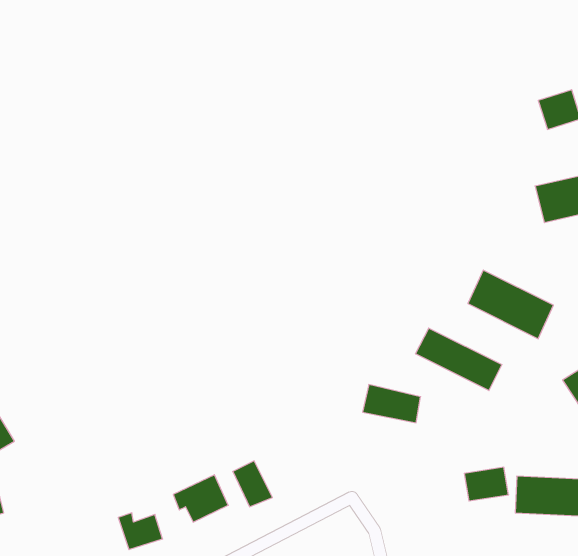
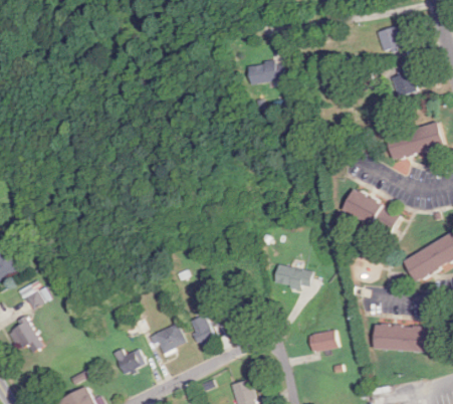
building: none -> [375,25,403,51]
building: none -> [246,59,283,84]
building: [416,328,502,391] -> none
building: [464,467,509,501] -> [307,331,336,353]

